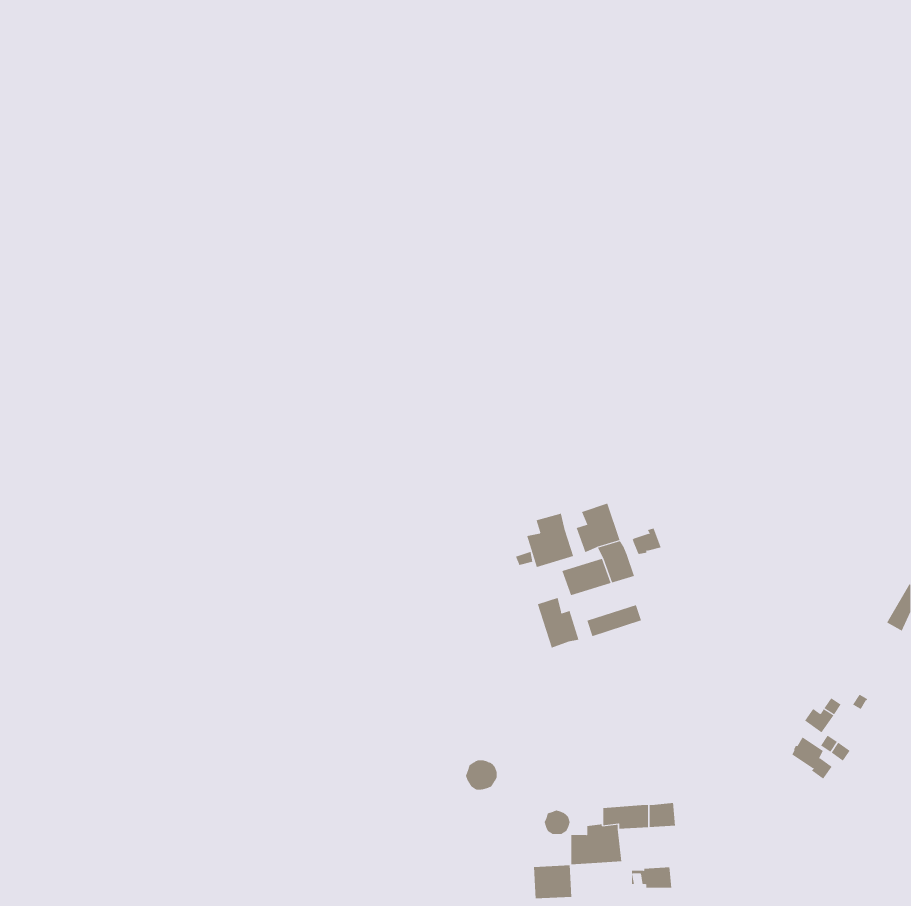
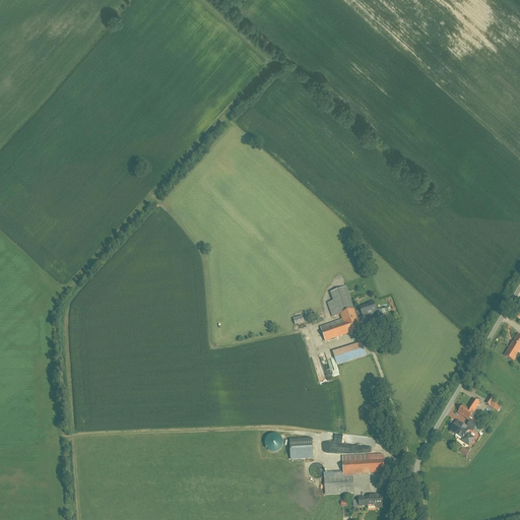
building: [526,513,574,568] -> none
building: [537,597,579,648] -> none
building: [533,865,572,899] -> [290,438,313,457]

